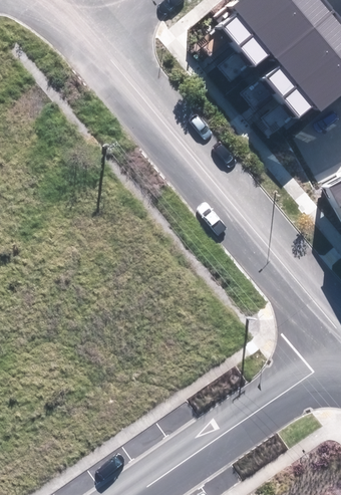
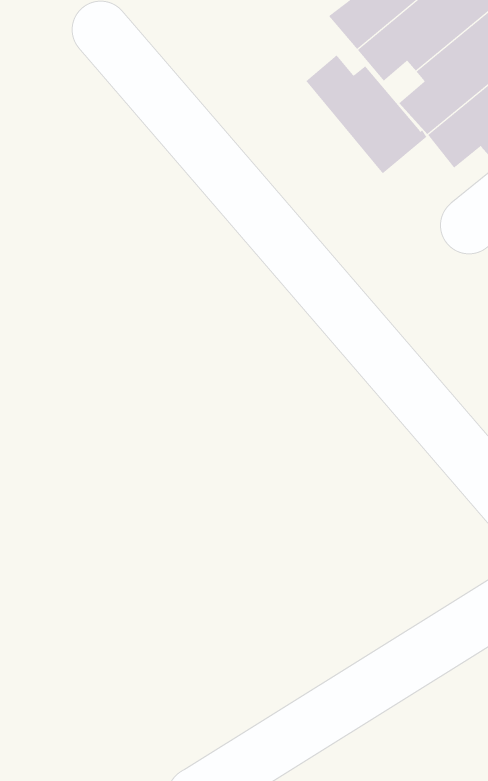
building: none -> [305,54,427,174]

